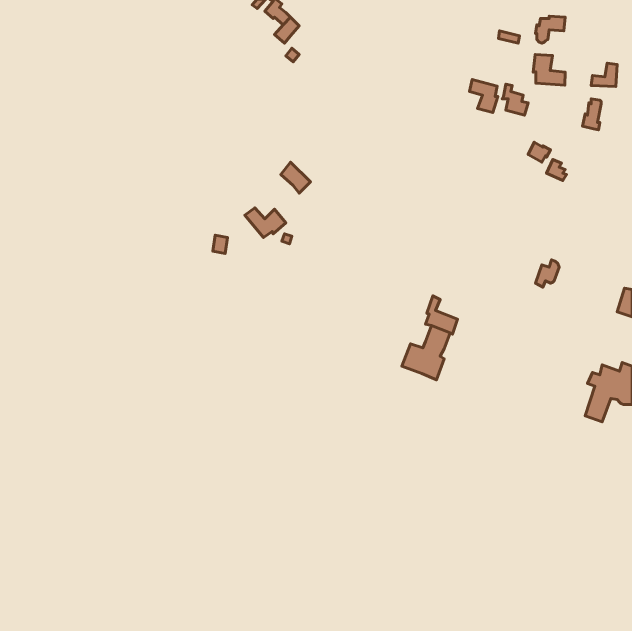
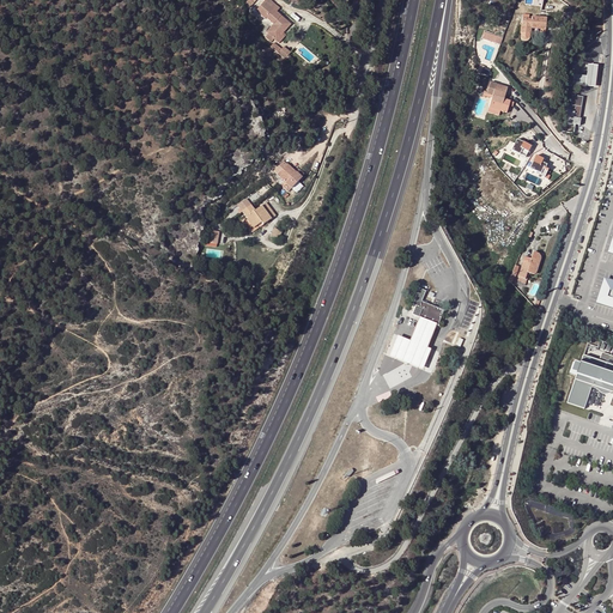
building: [533,54,565,85] -> none
building: [470,79,498,112] -> none

